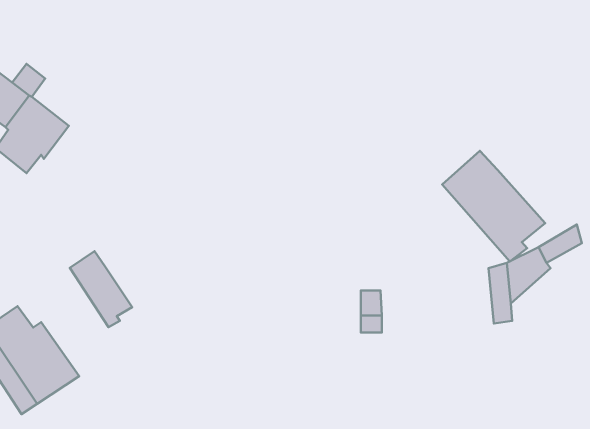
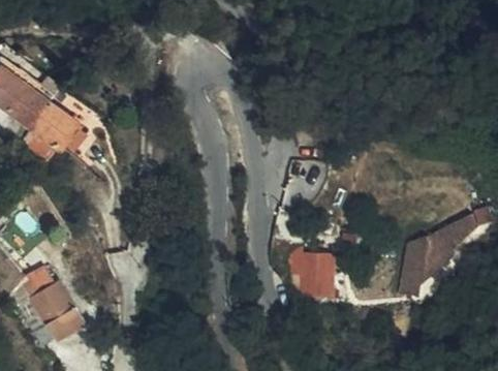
building: [442,151,545,261] -> none
building: [70,251,132,327] -> none

